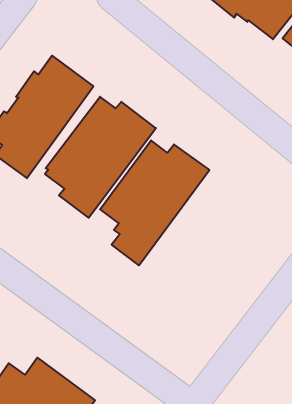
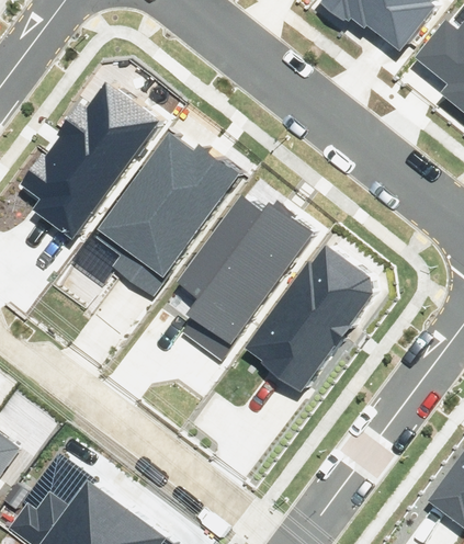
building: none -> [246,247,372,390]

